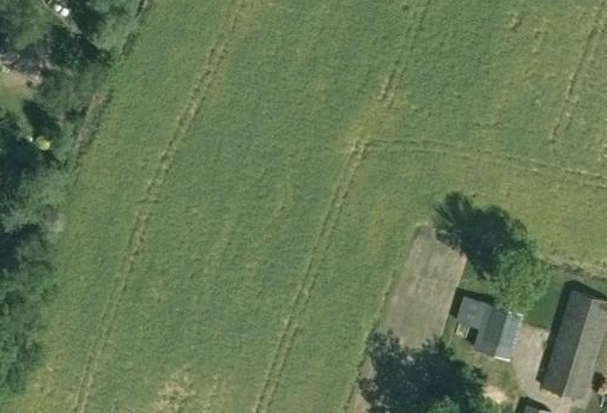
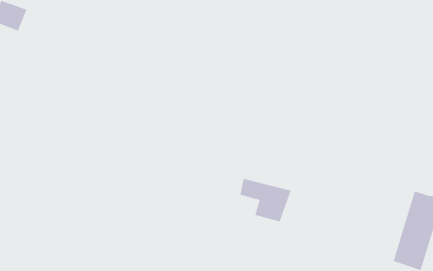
building: [454,300,524,360] -> [240,178,292,222]

